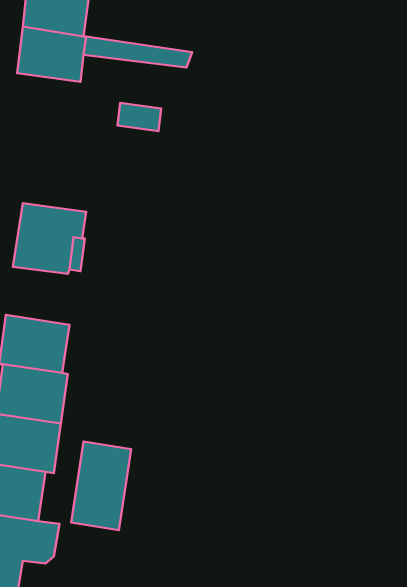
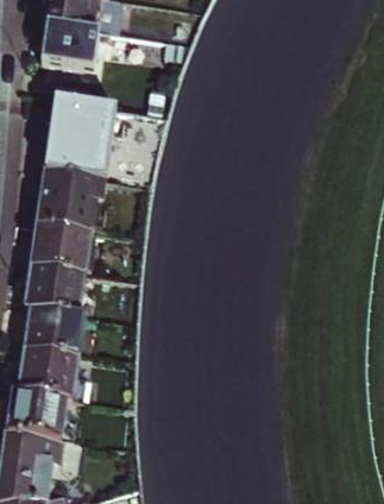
building: none -> [46,100,109,178]
building: none -> [32,225,92,273]
building: [71,441,131,530] -> none

